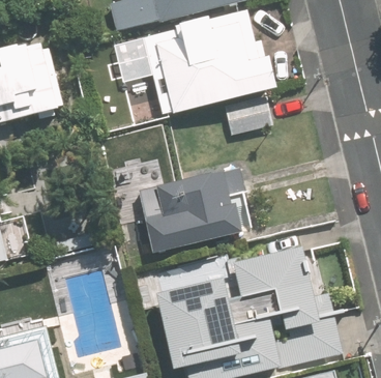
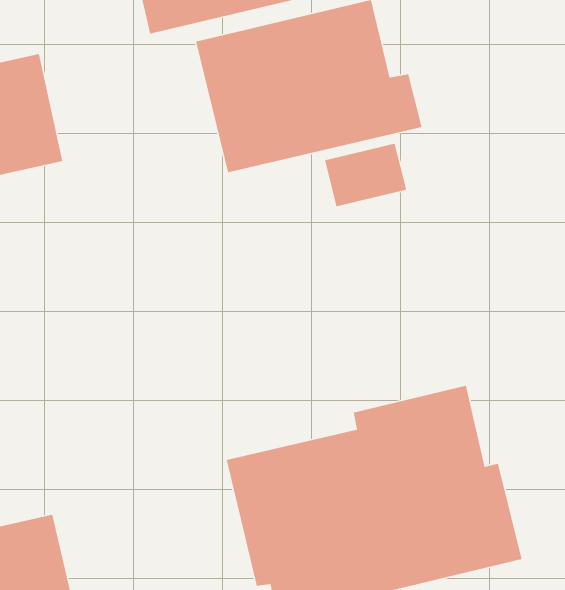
building: [137,167,246,253] -> none

